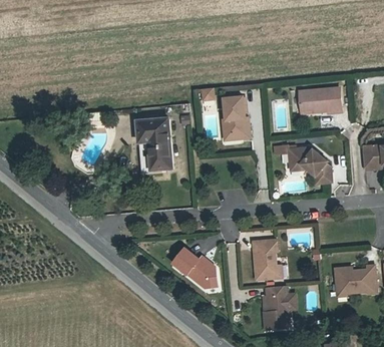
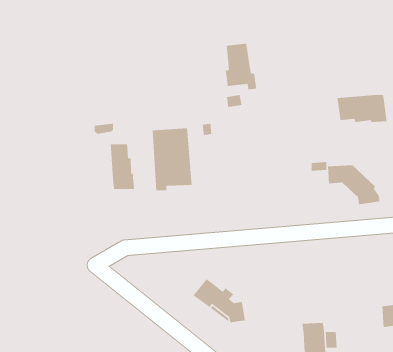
building: [220,97,248,138] -> [225,43,257,90]
building: none -> [110,144,135,190]
building: [252,239,277,279] -> none

